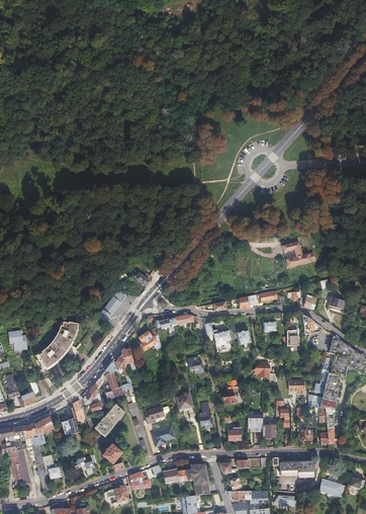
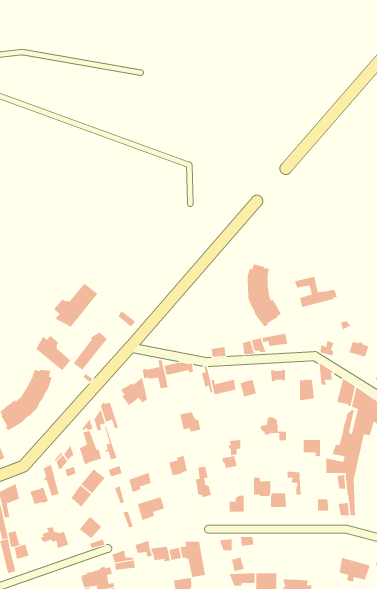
building: none -> [247,263,281,327]
building: none -> [53,283,98,328]
building: none -> [36,335,71,371]
building: [279,460,314,476] -> none

